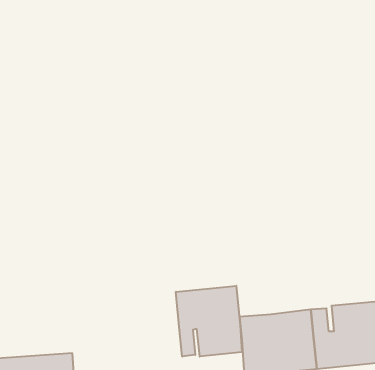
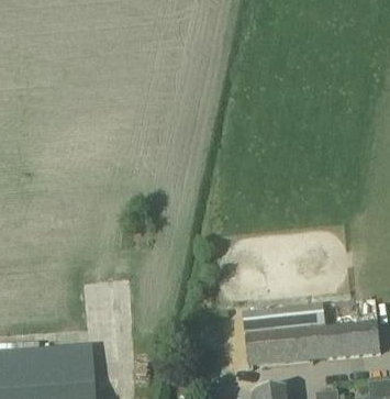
building: [176,286,242,357] -> none

